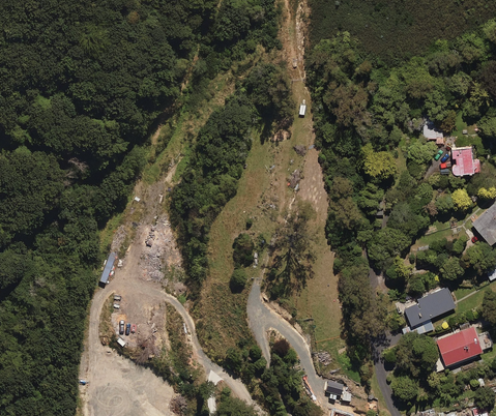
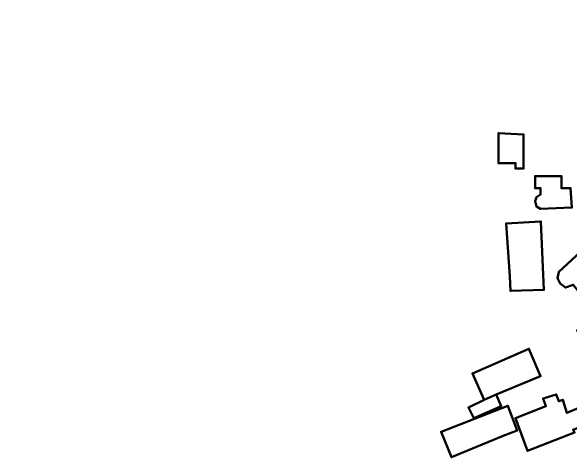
building: none -> [506,222,544,291]
building: none -> [441,406,517,457]

